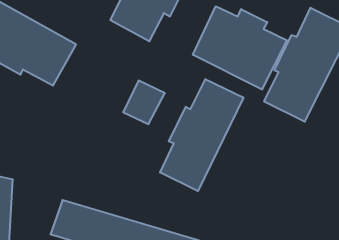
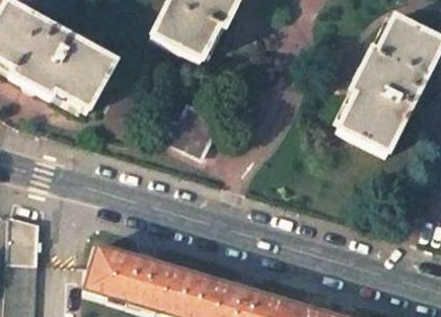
building: [193,6,287,90] -> none
building: [160,79,243,191] -> none

